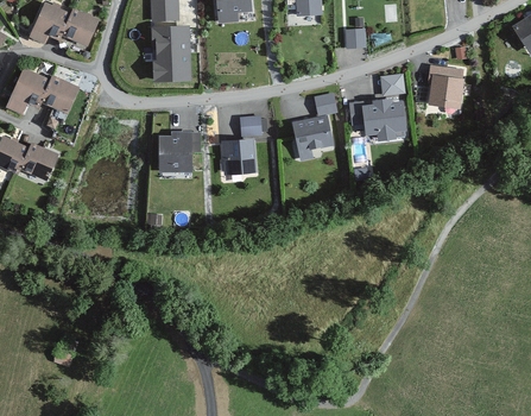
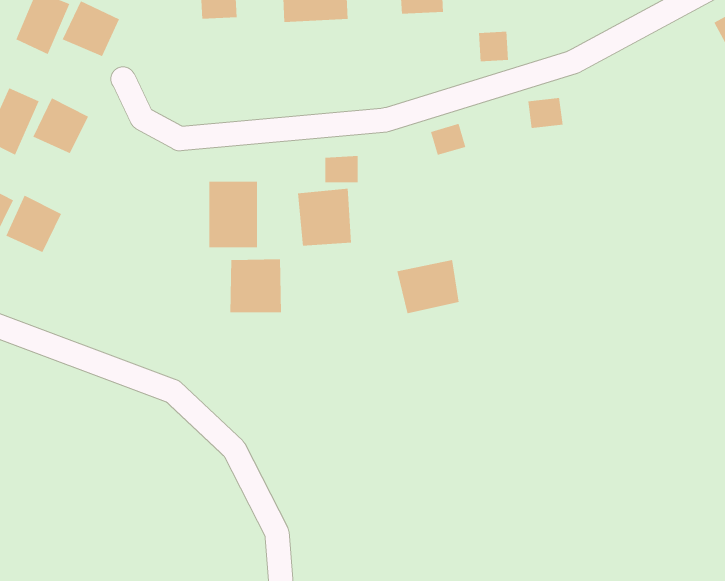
building: [152,25,191,75] -> none
building: [429,63,466,112] -> none
building: [350,97,409,144] -> none
building: [289,115,333,153] -> [396,259,460,314]
building: none -> [230,259,281,313]

